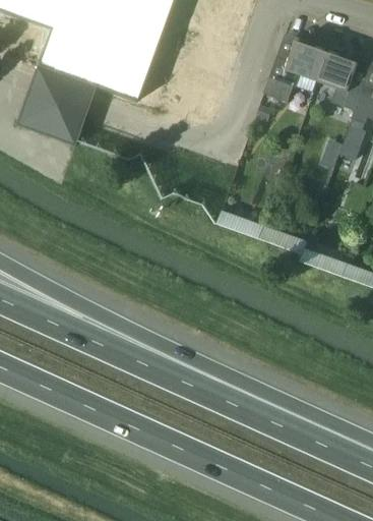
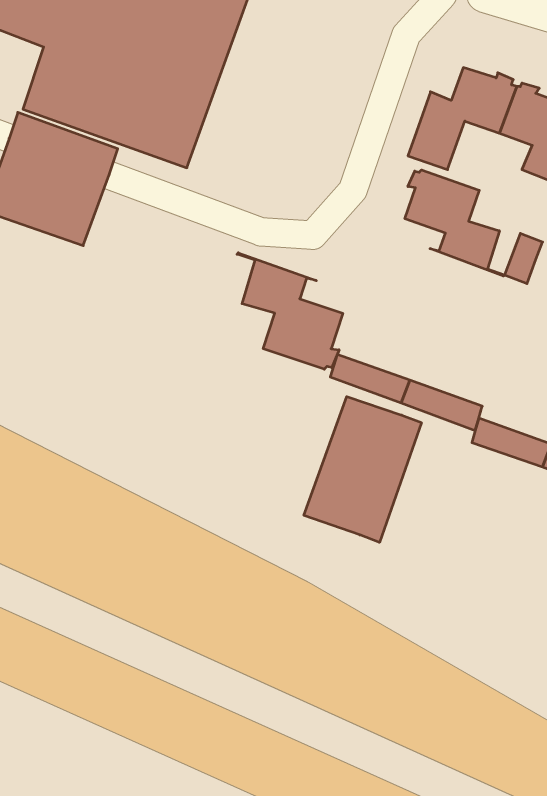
building: none -> [405,170,505,276]
building: none -> [237,253,343,369]
building: none -> [304,397,421,542]

